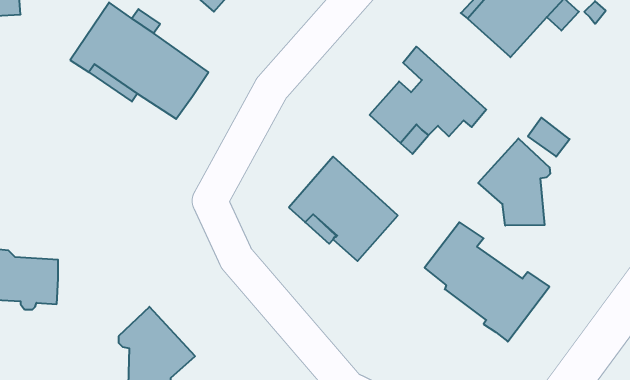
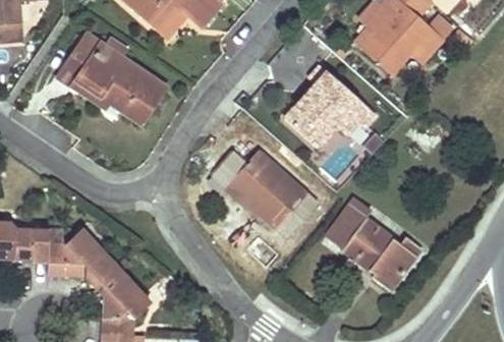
building: [478,138,550,226] -> none
building: none -> [48,226,118,286]

